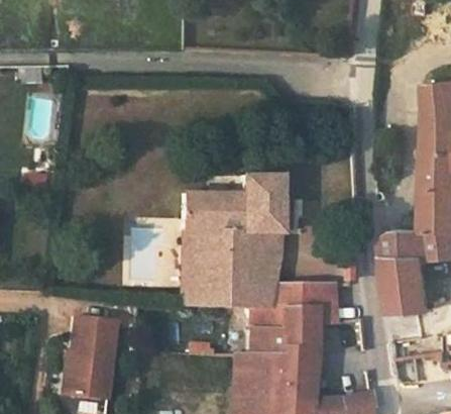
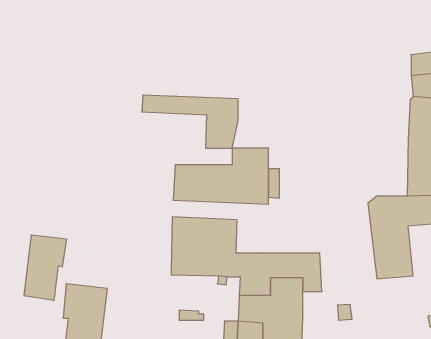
building: [181,231,279,286] -> [142,95,238,148]
building: none -> [24,235,66,301]

